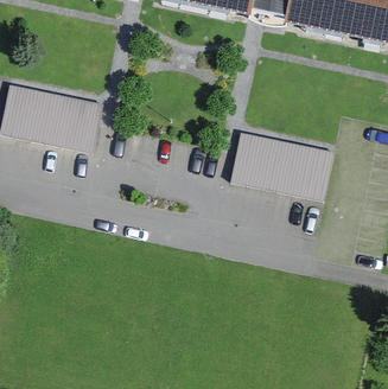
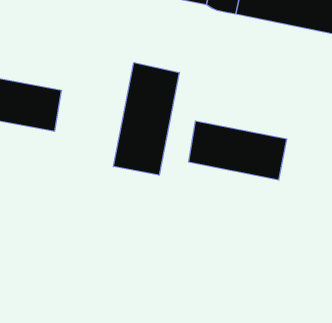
building: none -> [113,63,179,175]

